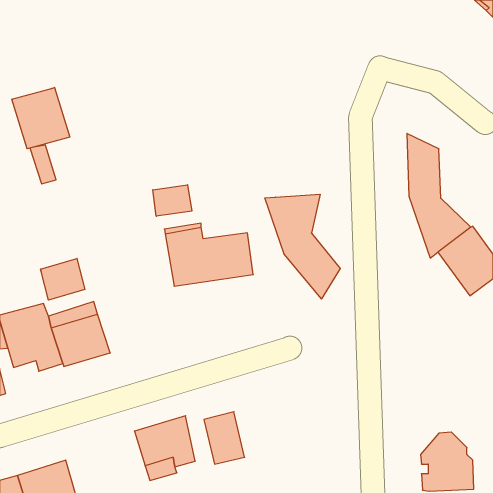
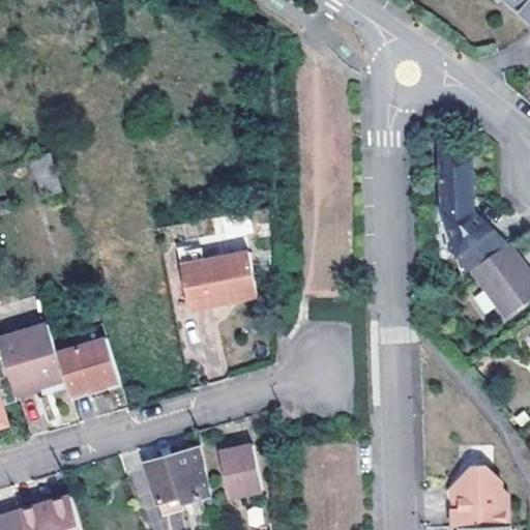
building: [12,87,70,149] -> none
building: [153,185,192,216] -> none
building: [265,194,340,299] -> none
building: [41,258,85,300] -> none

